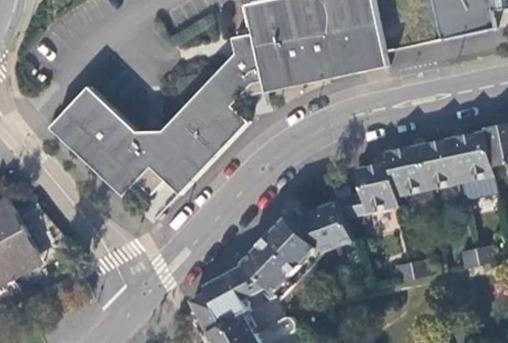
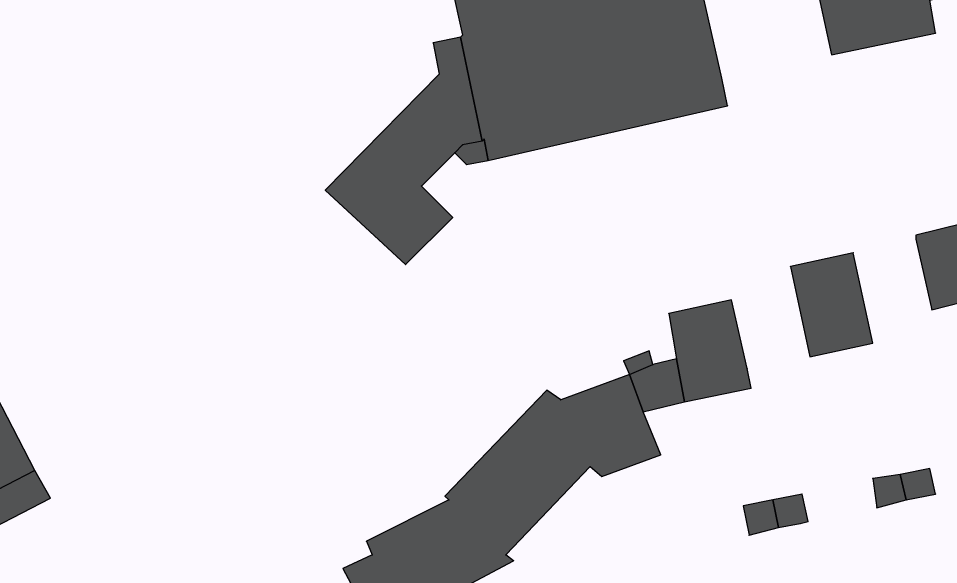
building: [51,84,222,193] -> none
building: [450,132,492,185] -> none
building: [386,146,428,198] -> none

